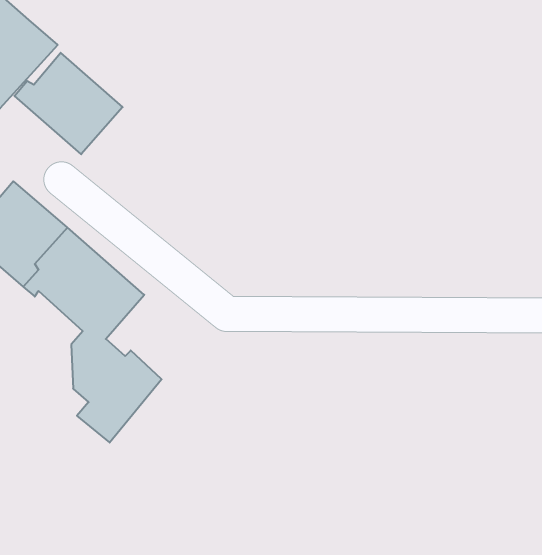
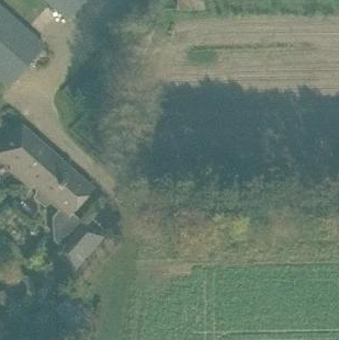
building: [14,53,123,154] -> none

